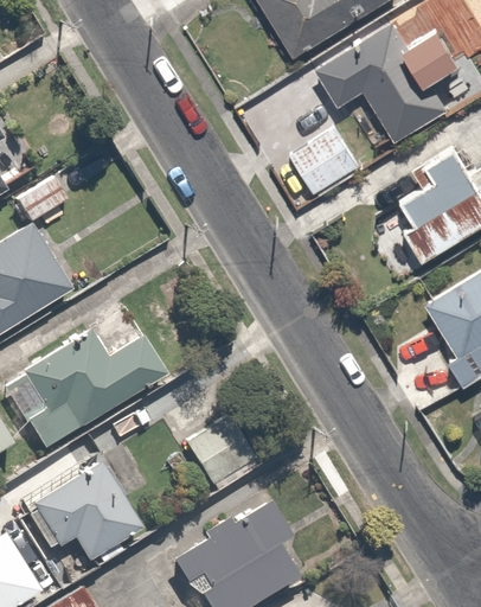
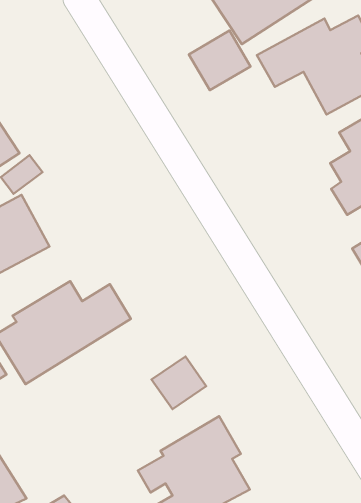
building: [288,121,361,192] -> [189,31,250,90]
building: [17,469,142,574] -> none

